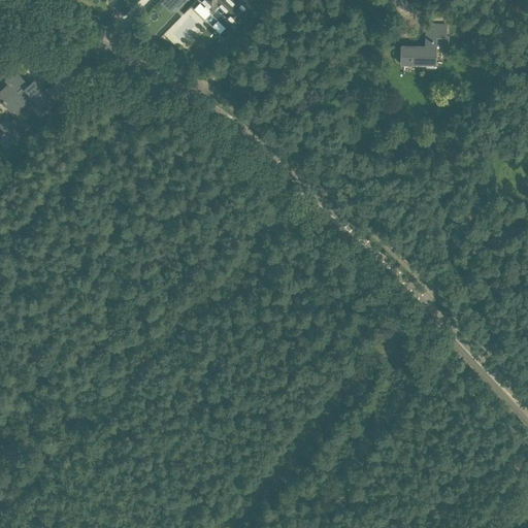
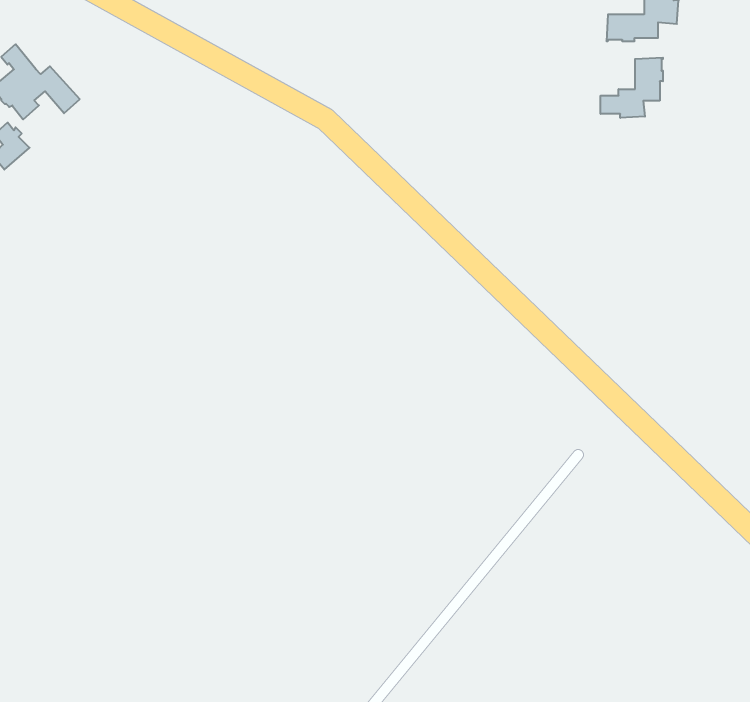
building: none -> [601,58,663,118]

